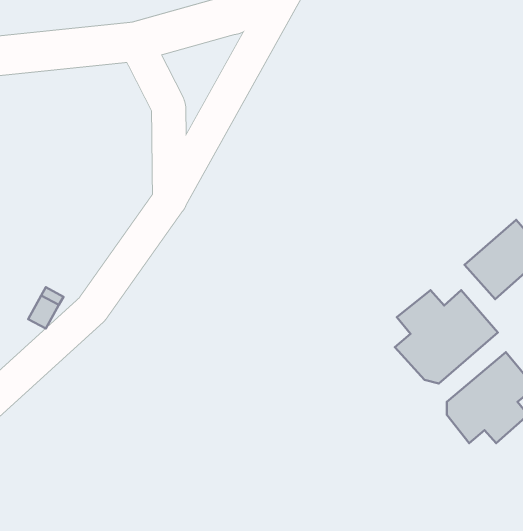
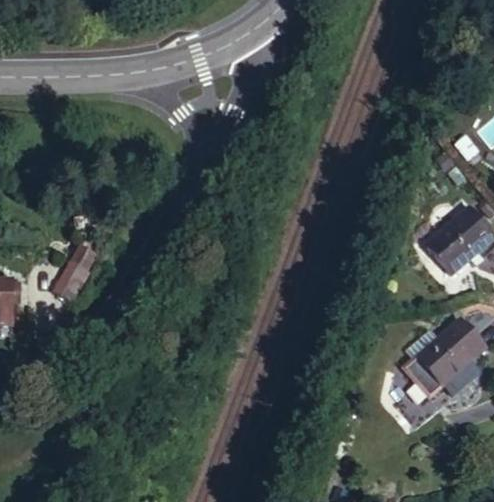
building: [395,290,498,384] -> none

